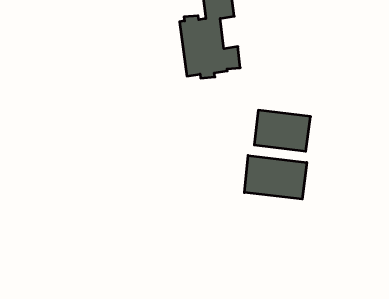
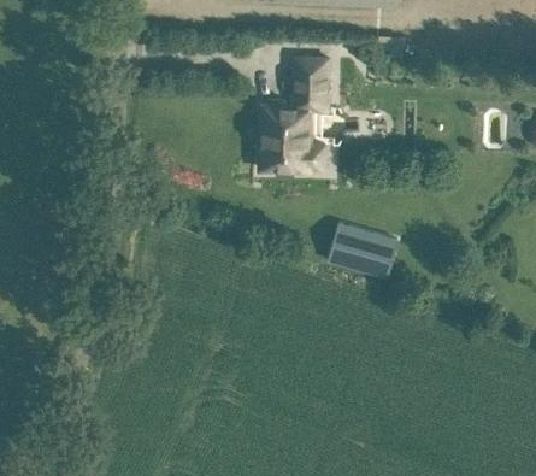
building: [244,155,307,199] -> none

